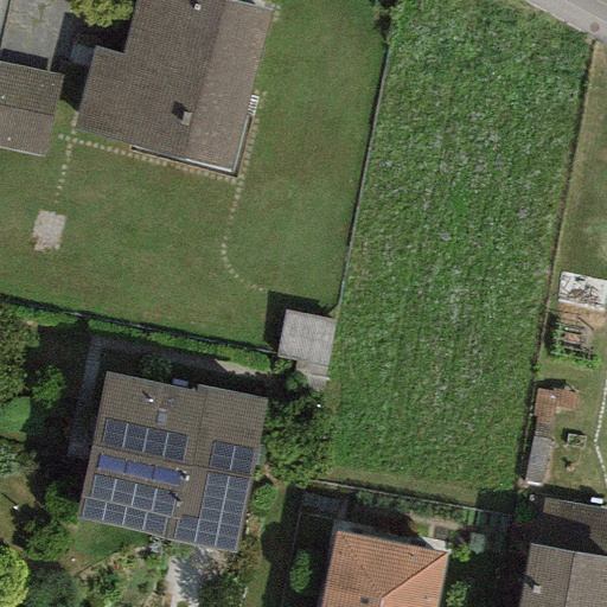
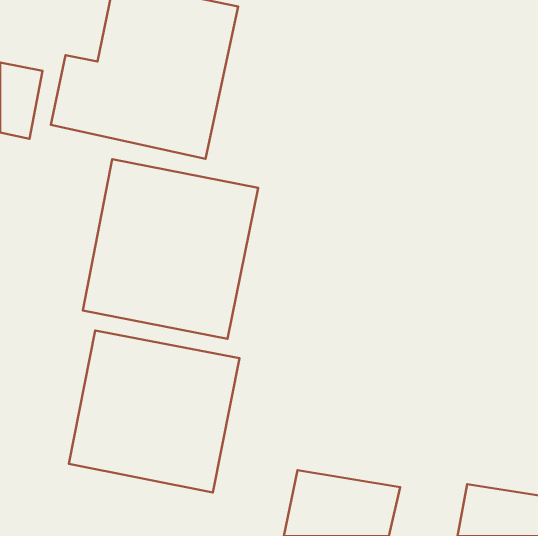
building: none -> [83,159,258,339]

